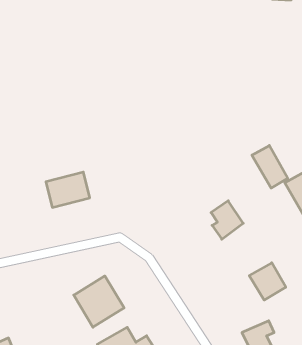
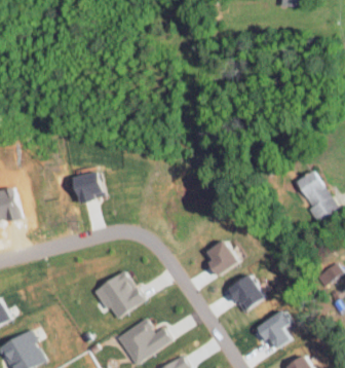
building: [252,145,288,188] -> none
building: [211,201,243,239] -> [203,240,234,277]
building: [249,263,286,300] -> [225,274,260,310]

